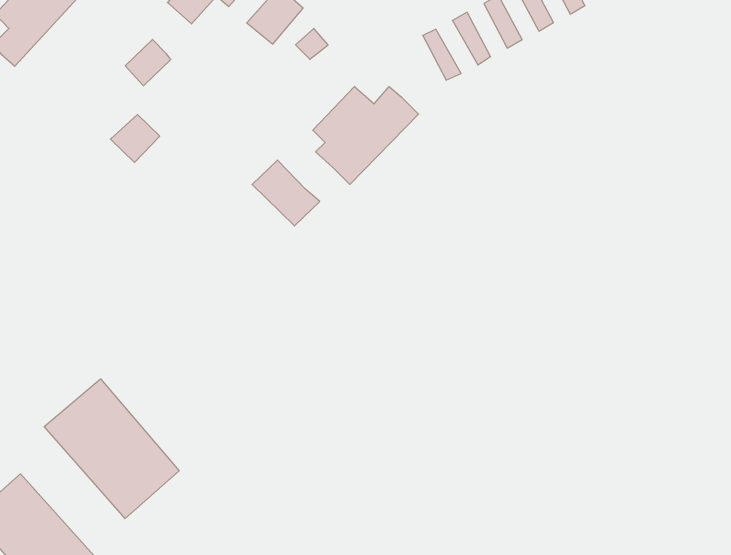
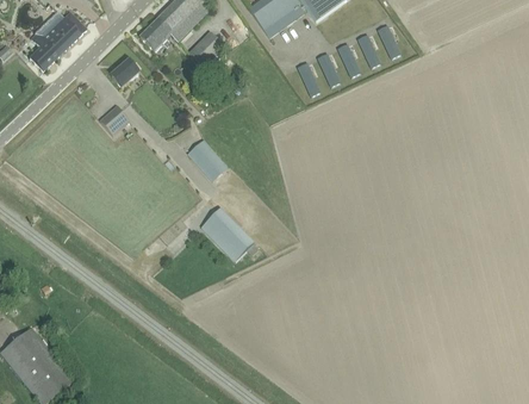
building: [313,86,419,184] -> none
building: none -> [204,209,254,259]
building: [44,379,179,519] -> none

